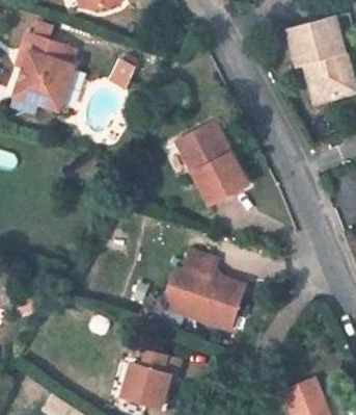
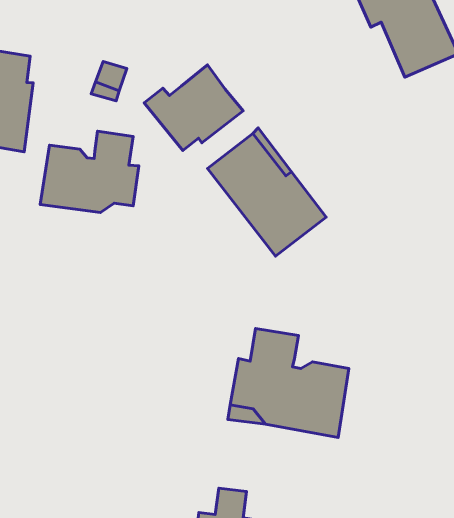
building: none -> [144,65,243,150]
building: none -> [40,131,139,213]

